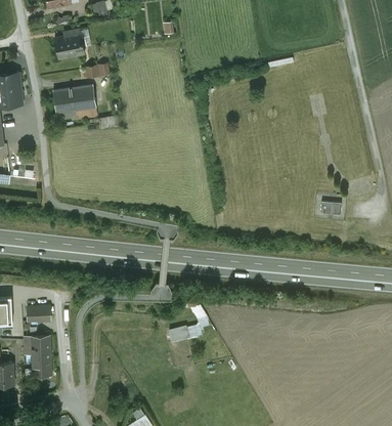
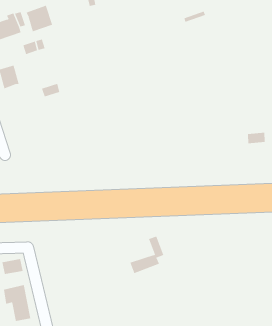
building: none -> [26,5,53,32]
building: [71,85,96,119] -> none

